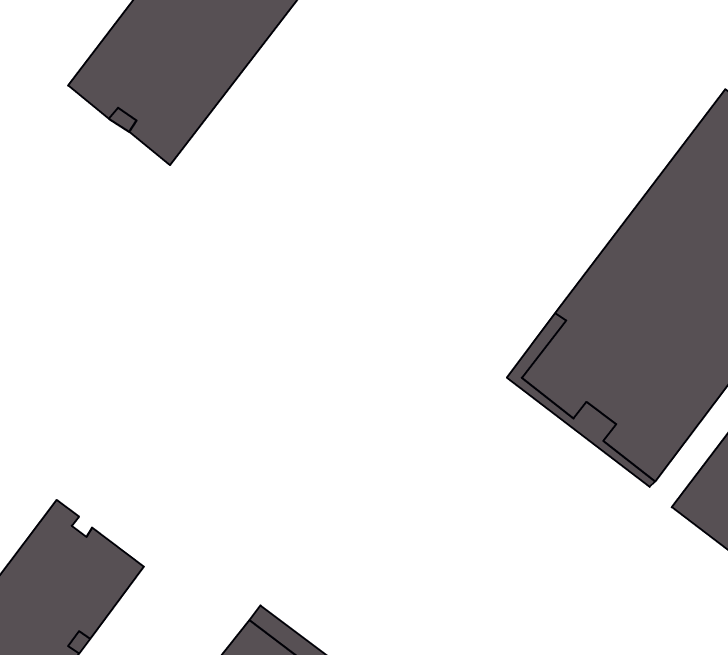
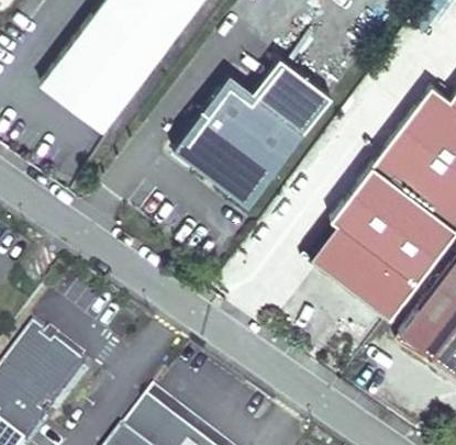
building: none -> [175,60,333,210]

